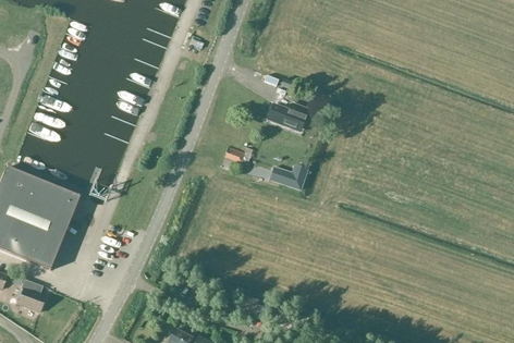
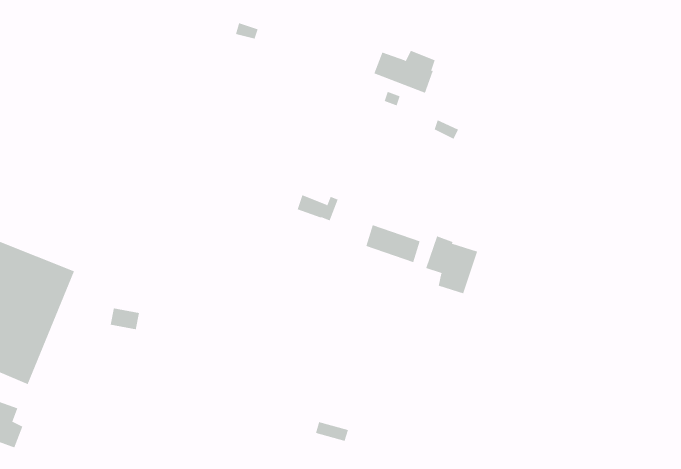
building: [267,101,307,130] -> [374,50,435,94]
building: none -> [425,236,478,294]

